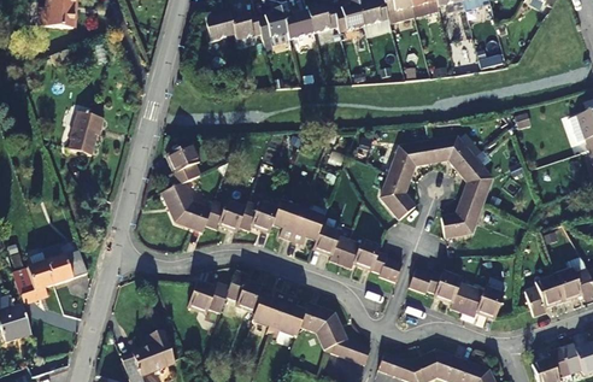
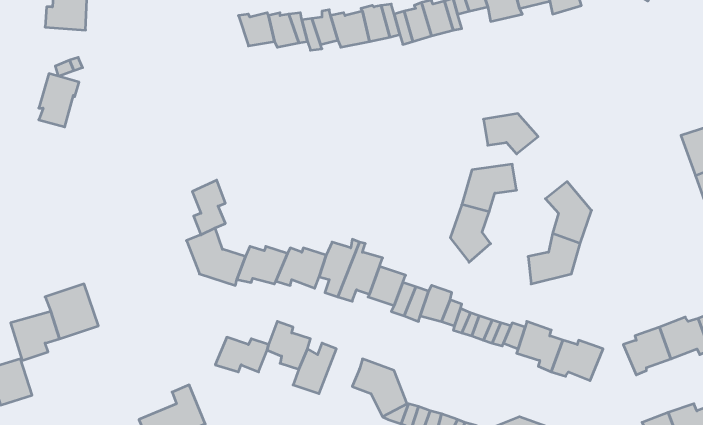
building: [72,112,106,157] -> [39,74,79,127]
building: [431,135,477,169] -> [483,114,538,154]
building: [269,294,304,341] -> none

